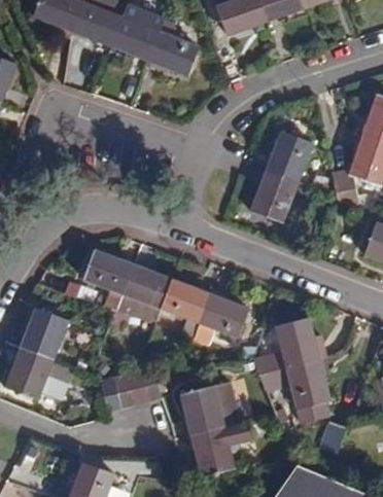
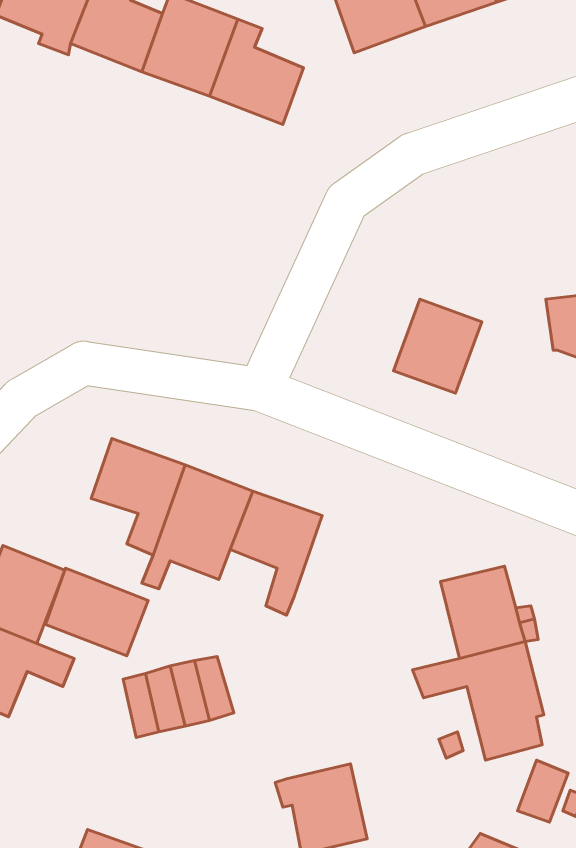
building: [264,131,313,184] -> none
building: [195,290,249,340] -> none
building: none -> [46,568,148,656]
building: [179,380,242,434] -> none

